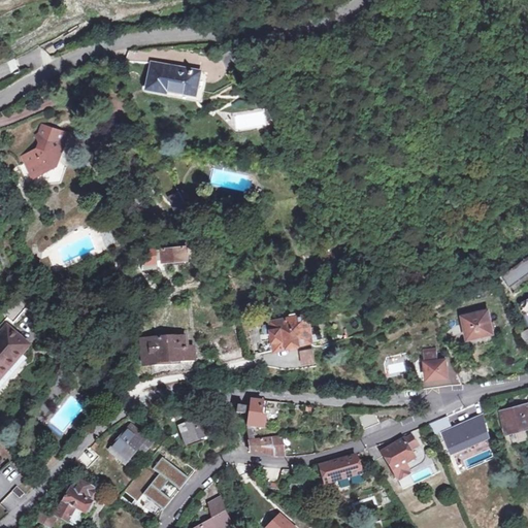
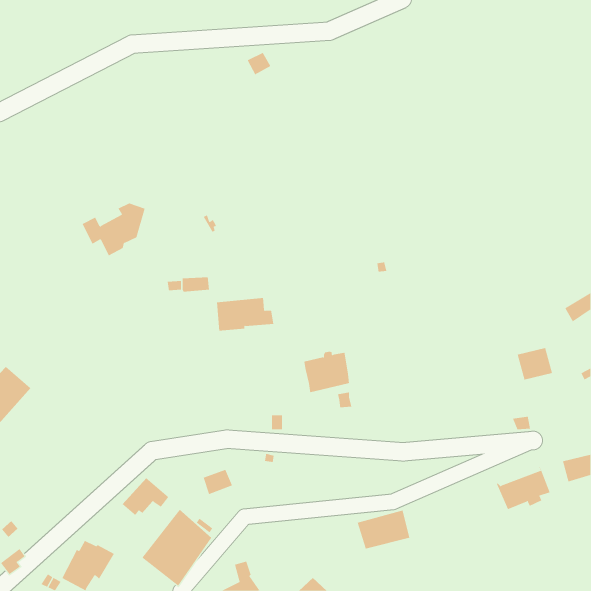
building: [146,60,200,92] -> none
building: [7,135,64,183] -> [82,203,145,256]
building: [141,335,193,365] -> [216,297,274,331]
building: [422,352,447,380] -> none
building: [246,398,284,455] -> none
building: [366,434,425,480] -> none

